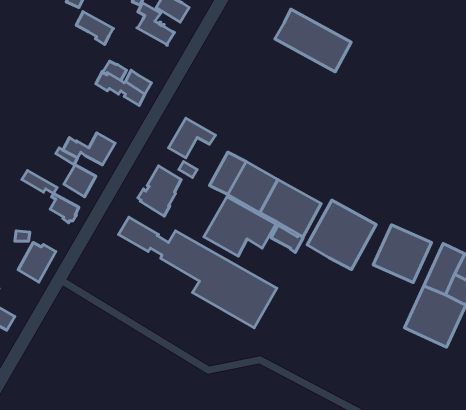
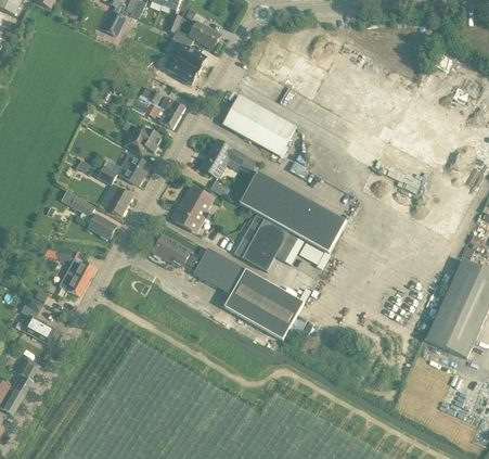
building: [275,9,351,72] -> [222,94,295,154]
building: [76,11,114,44] -> [164,53,200,85]
building: none -> [124,124,162,151]
building: [307,200,376,269] -> none
building: [373,225,431,283] -> none

